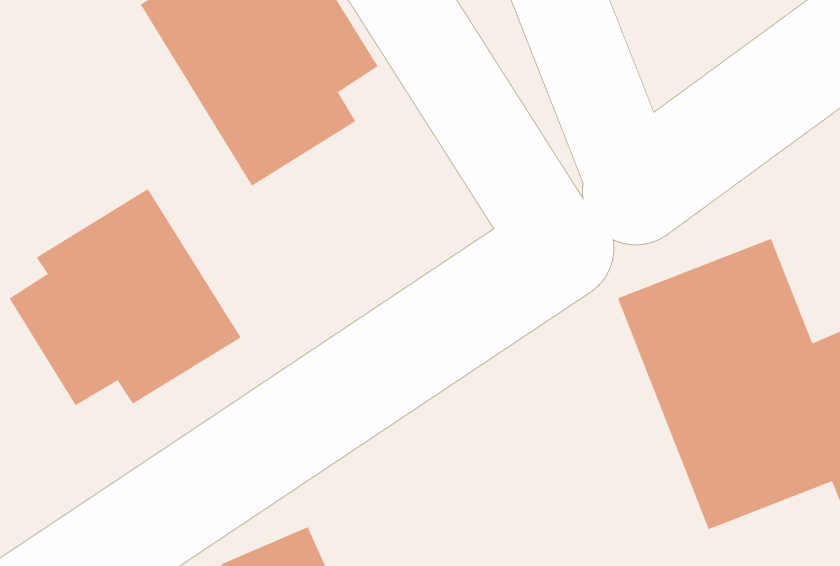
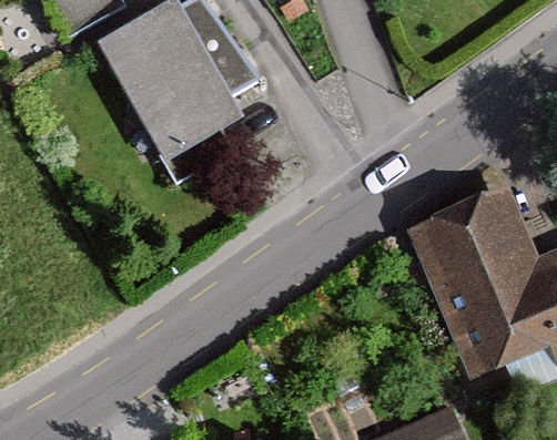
building: [9,188,241,406] -> none

